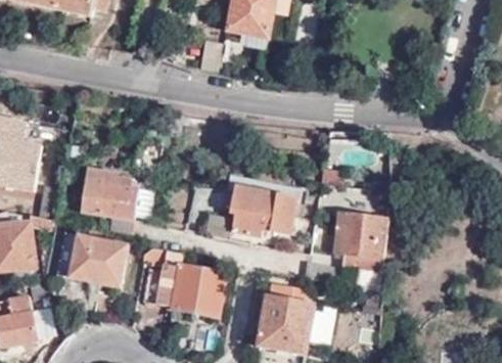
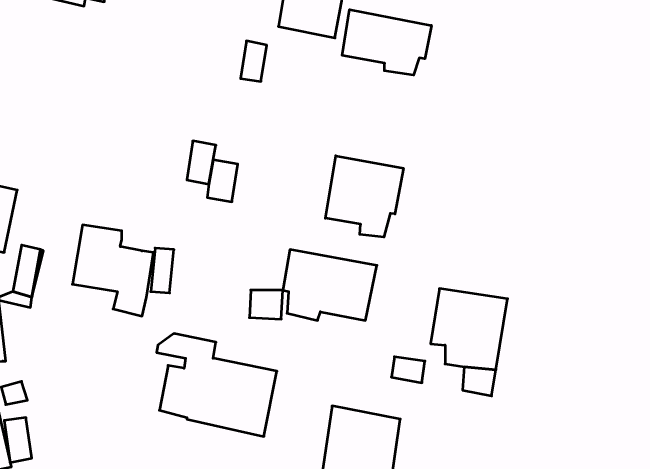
building: none -> [342,10,431,75]
building: none -> [325,156,403,237]
building: [58,231,129,286] -> none

